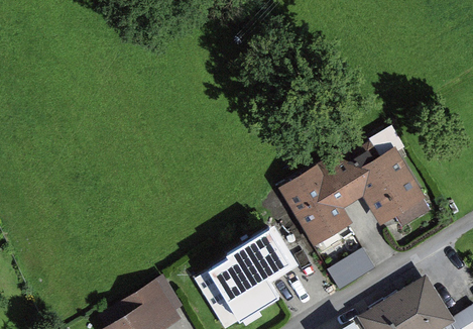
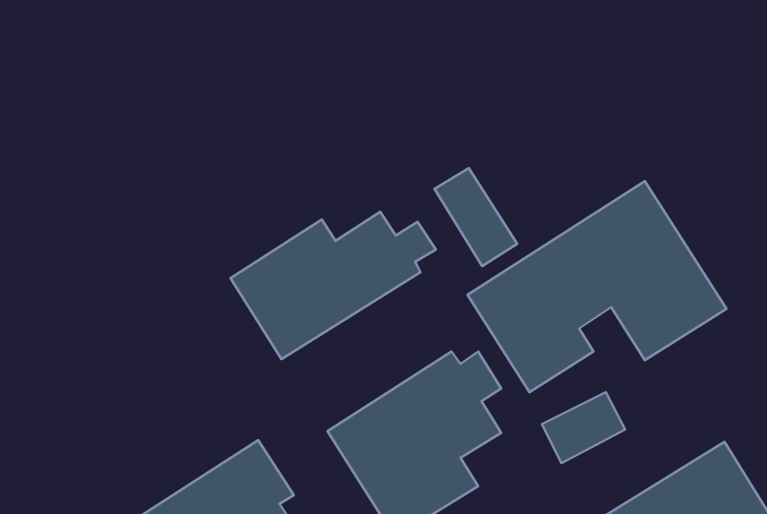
building: none -> [435,168,517,266]
building: none -> [230,212,436,359]

